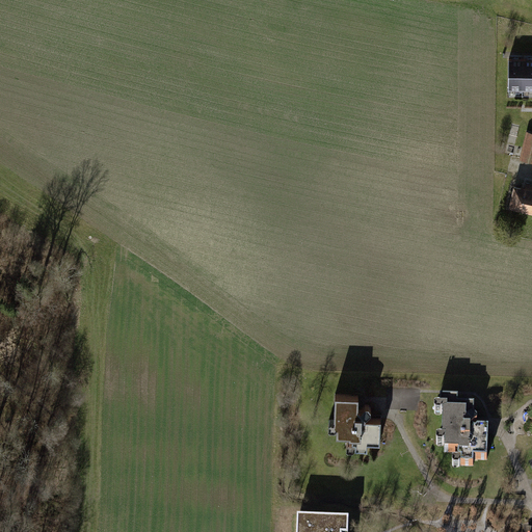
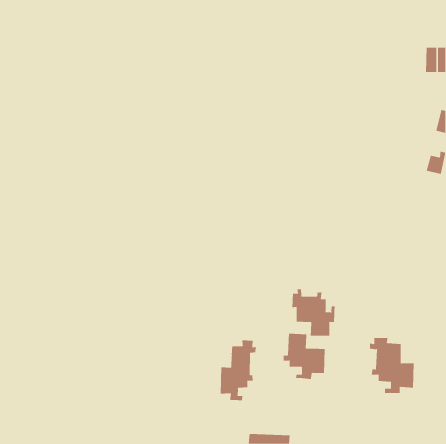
building: none -> [292,288,335,336]
building: none -> [220,340,256,401]

